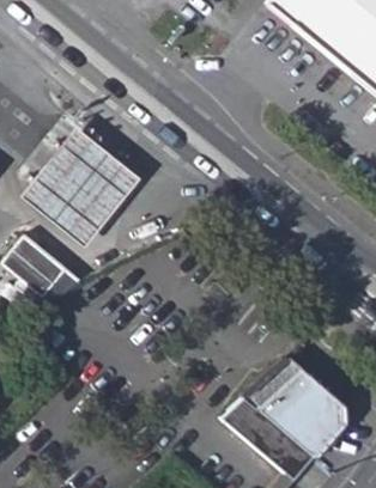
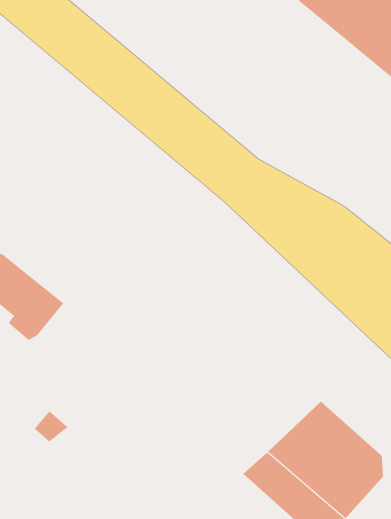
building: [26,127,141,243] -> none

